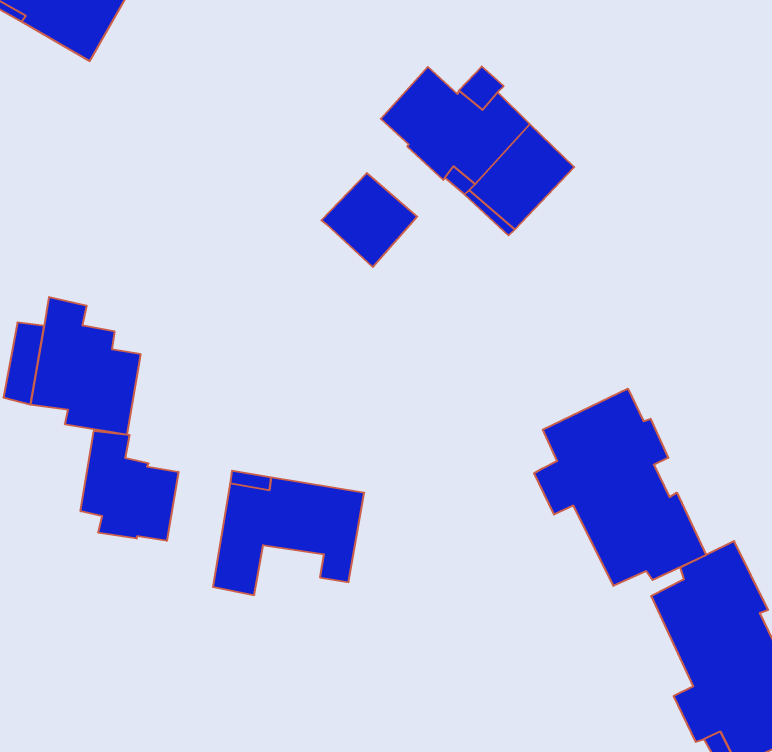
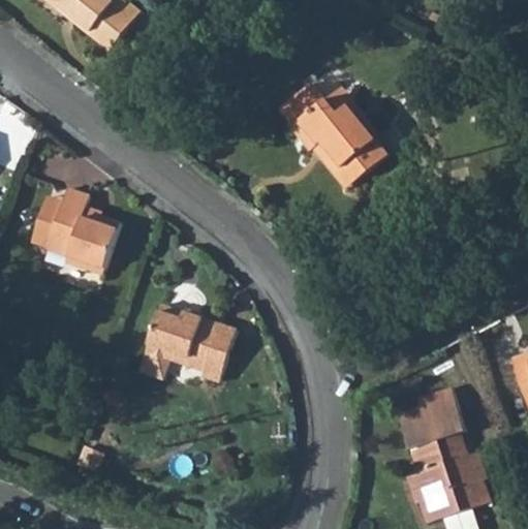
building: [321,173,417,267] -> none
building: [534,389,706,586] -> none
building: [81,431,178,541] -> none

